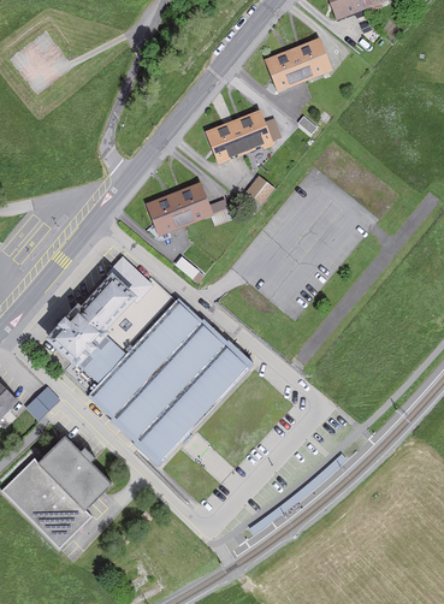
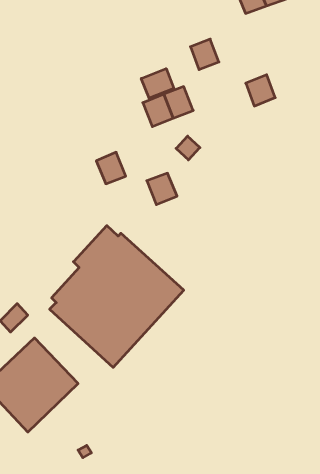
building: [289,40,326,79] -> [246,75,275,106]
building: none -> [141,69,174,98]
building: [170,184,208,224] -> [147,173,177,205]
building: [45,256,158,378] -> none

